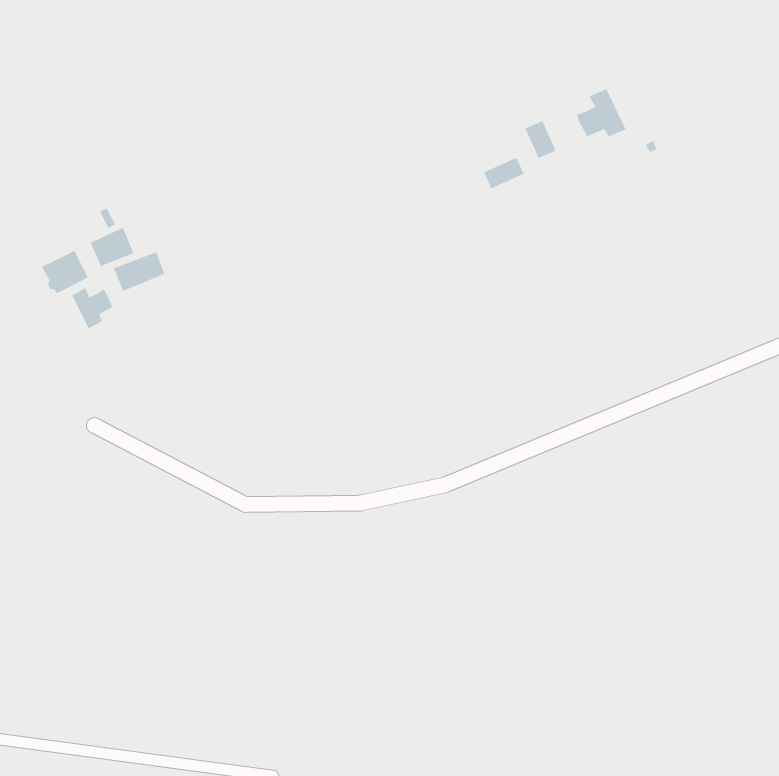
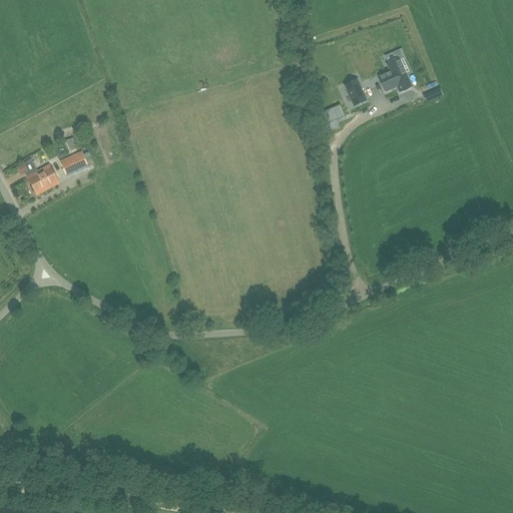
building: [113,251,165,292] -> none
building: [72,287,113,329] -> none

